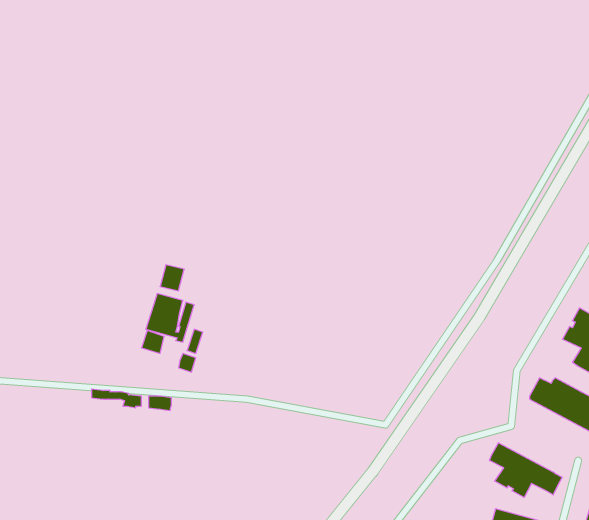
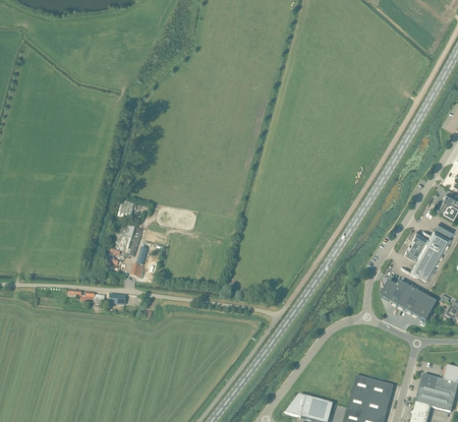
building: [490,443,562,497] -> none

